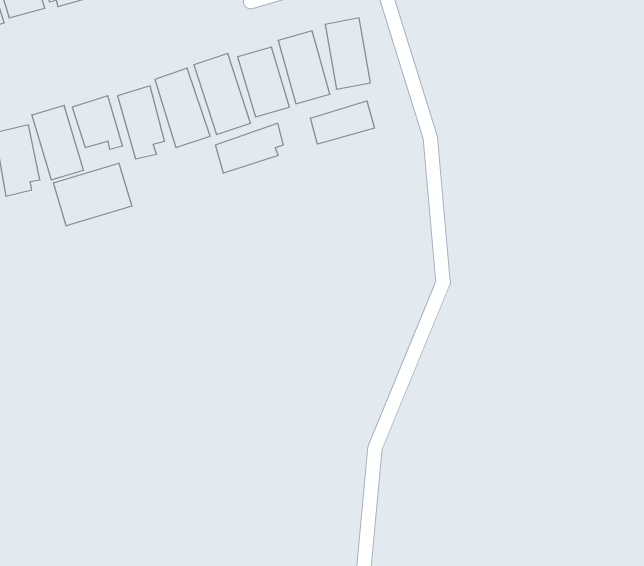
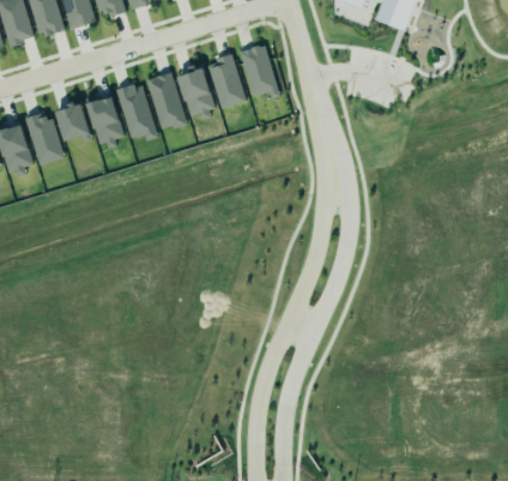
building: [310,101,375,144] -> none
building: [215,123,283,173] -> none
building: [53,163,132,226] -> none

